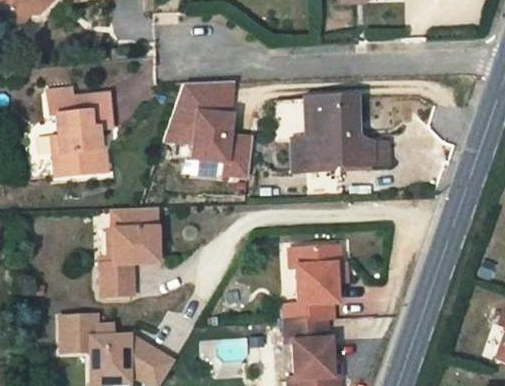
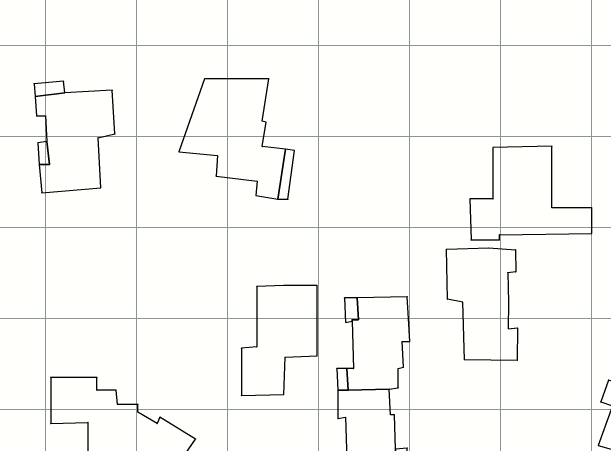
building: [292,100,387,173] -> [470,146,592,240]
building: [104,207,163,293] -> [241,285,317,396]
building: none -> [446,248,517,360]

